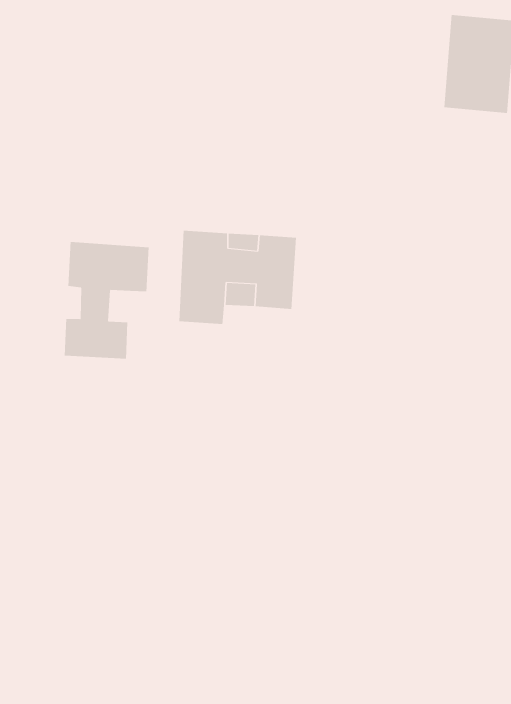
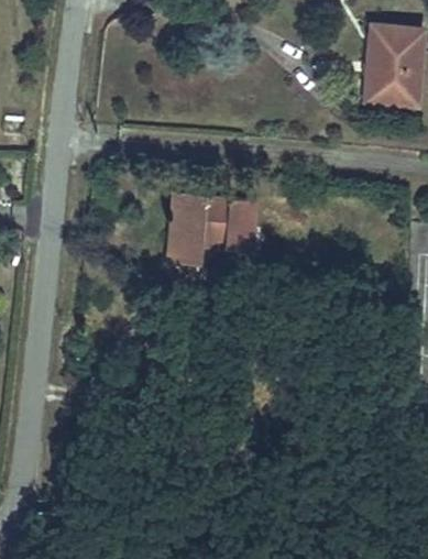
building: [64,241,149,360] -> none

